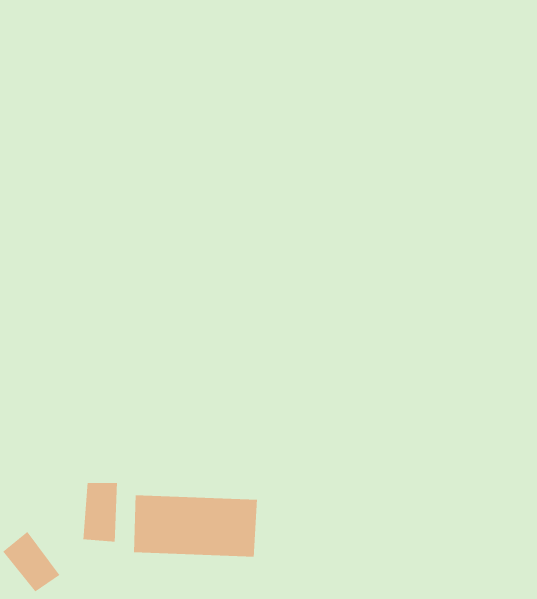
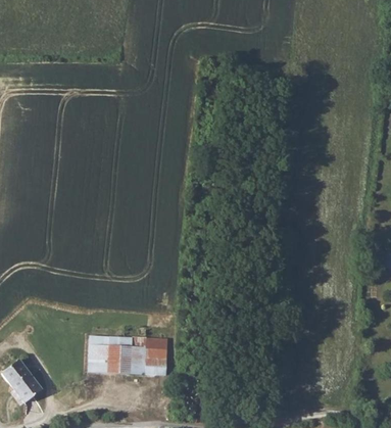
building: [83,482,118,542] -> none

